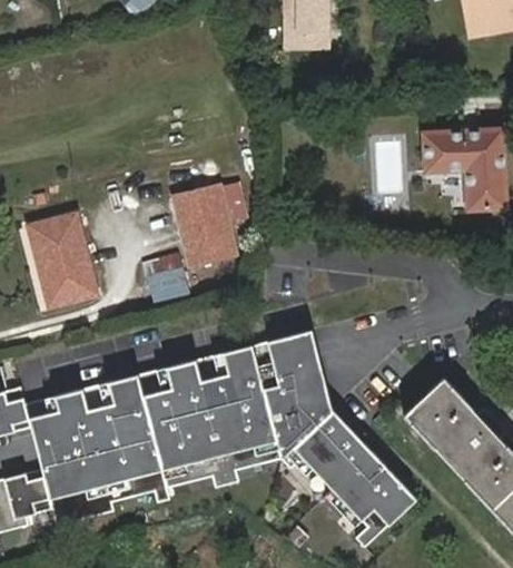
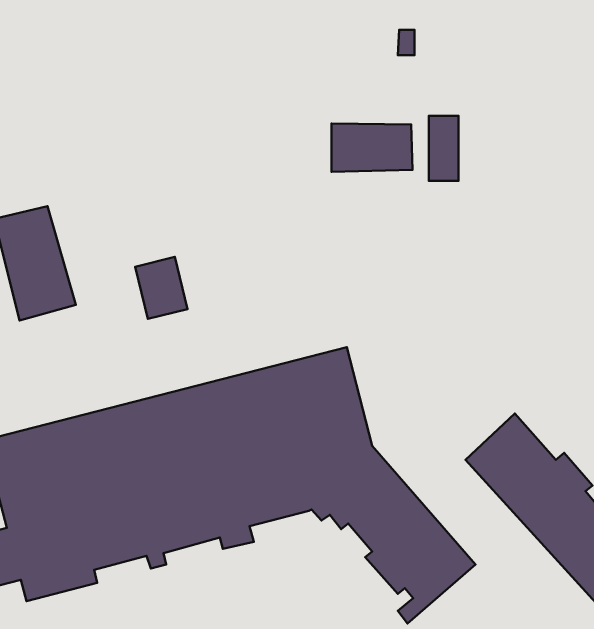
building: [418,131,499,209] -> none
building: none -> [332,124,413,172]
building: [176,184,237,264] -> none

